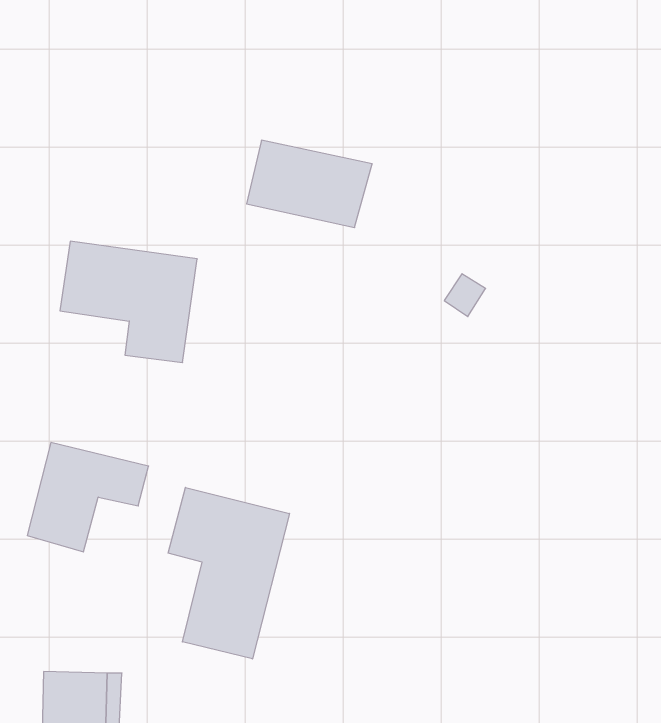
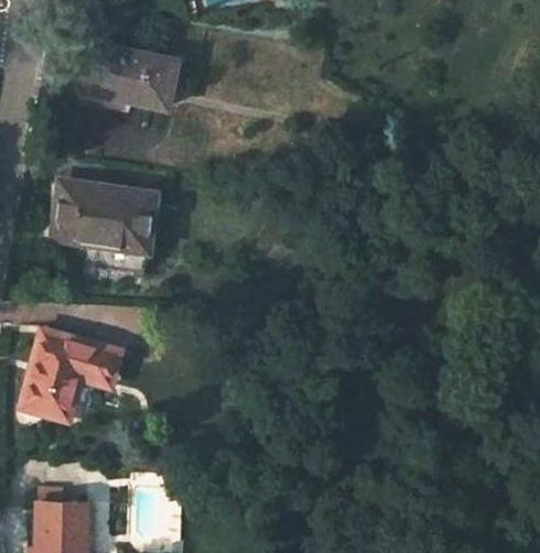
building: [247,140,372,228] -> [84,43,177,108]
building: [168,487,289,659] -> none

